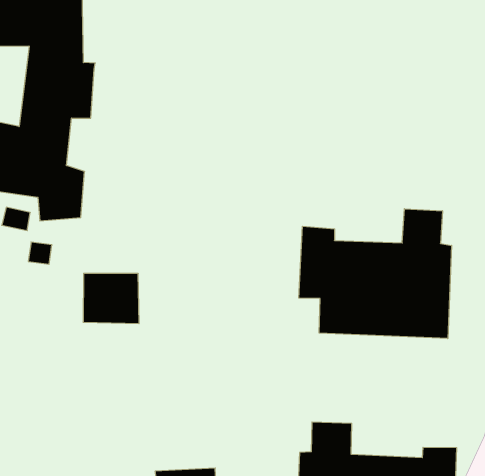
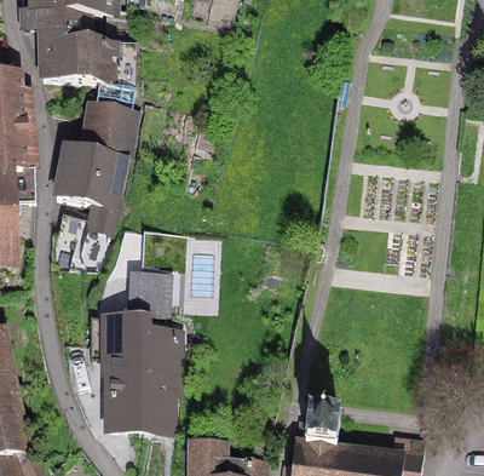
building: [299,209,452,339] -> none
building: none -> [79,321,180,426]

